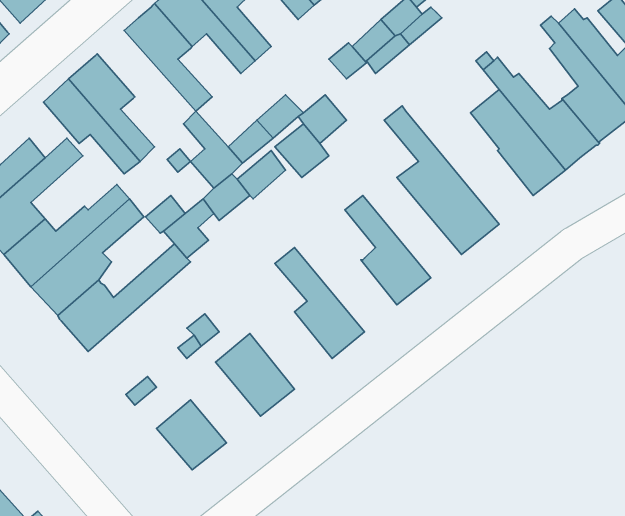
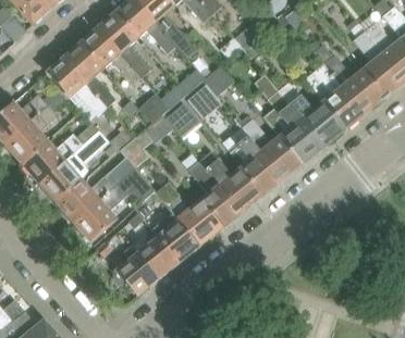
building: none -> [79,28,139,85]
building: none -> [267,68,344,146]
building: none -> [233,110,300,178]
building: none -> [199,151,261,211]
building: none -> [74,168,145,241]
building: none -> [157,181,222,246]
building: none -> [136,236,179,278]

